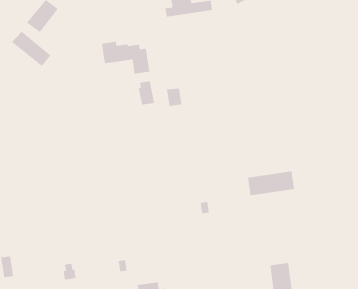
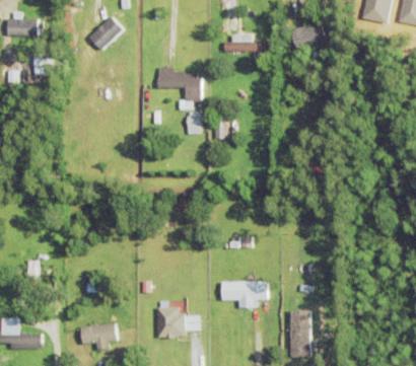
building: [11,31,51,67] -> none
building: [247,171,295,196] -> [222,282,267,300]

